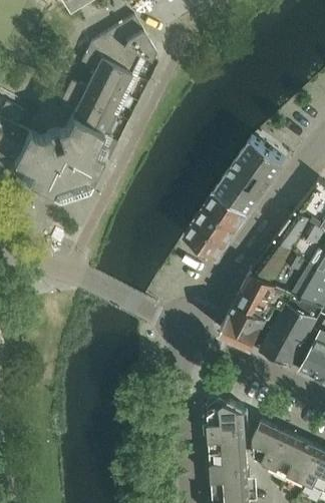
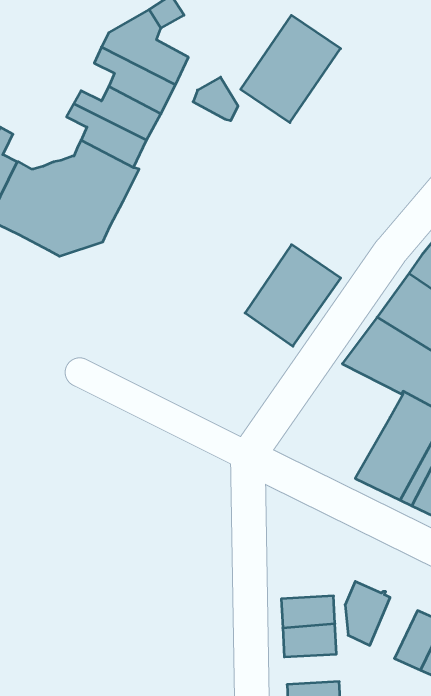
building: [121,32,152,62] -> [193,77,238,121]
building: [215,139,284,213] -> [241,15,341,123]
building: [219,273,292,352] -> none
building: [206,403,244,435] -> none
building: [269,434,302,476] -> none
building: [210,473,248,494] -> none

